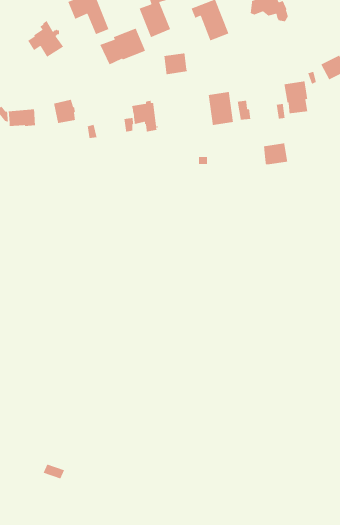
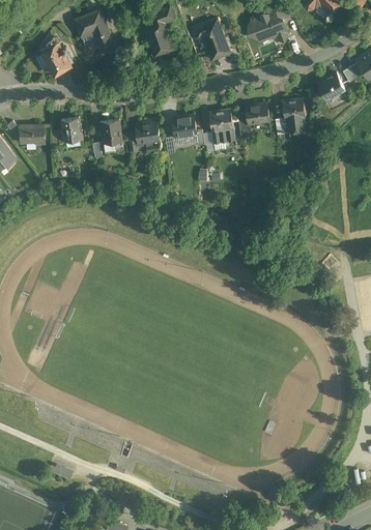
building: [99,27,146,65] -> none
building: [164,52,188,75] -> [173,114,197,136]
building: none -> [101,117,124,149]
building: [263,143,288,165] -> [246,104,269,125]

